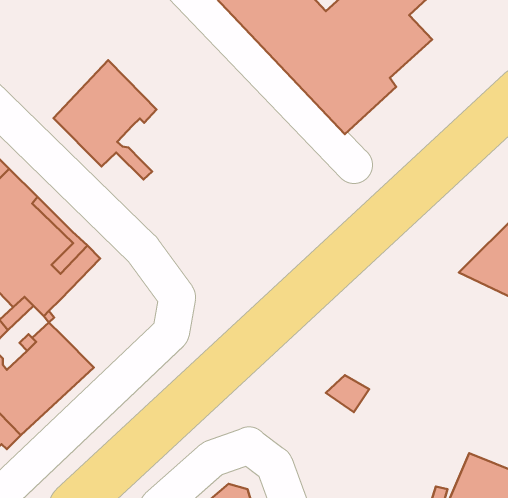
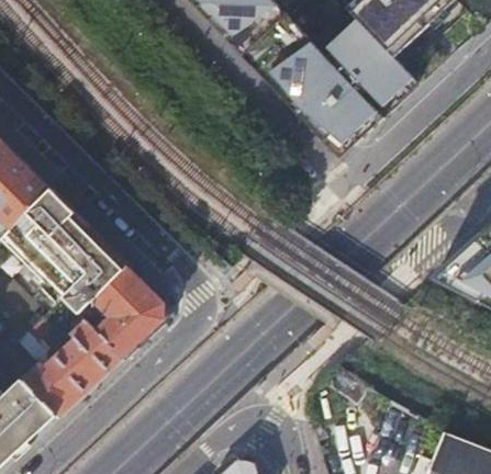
building: [53,60,157,179] -> none
building: none -> [94,264,166,358]

